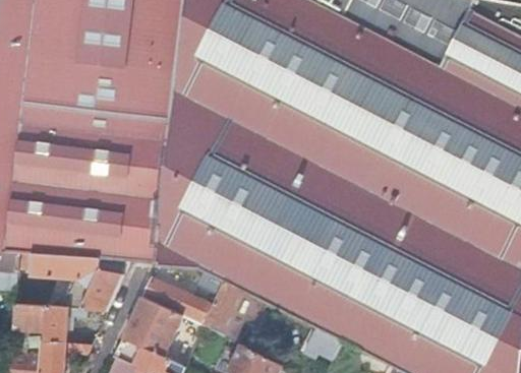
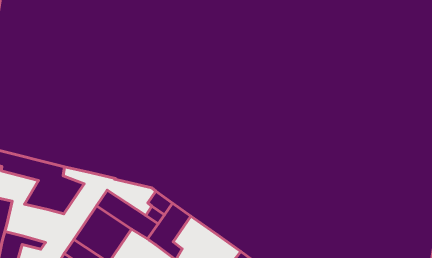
building: [45,305,89,341] -> none

